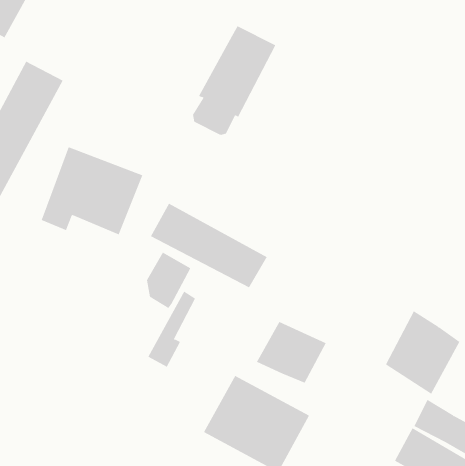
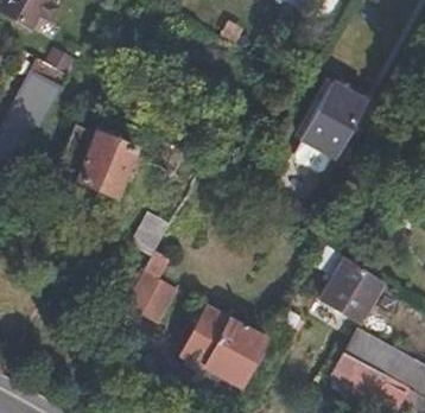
building: [192,26,276,135] -> [294,83,361,170]
building: [150,203,267,288] -> none
building: [256,321,327,384] -> none

